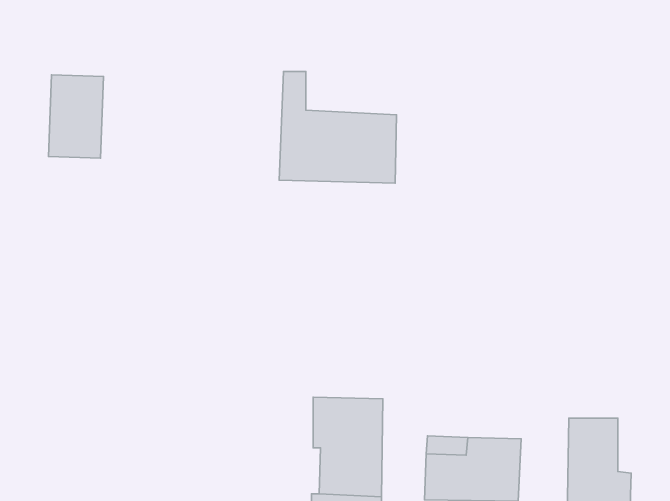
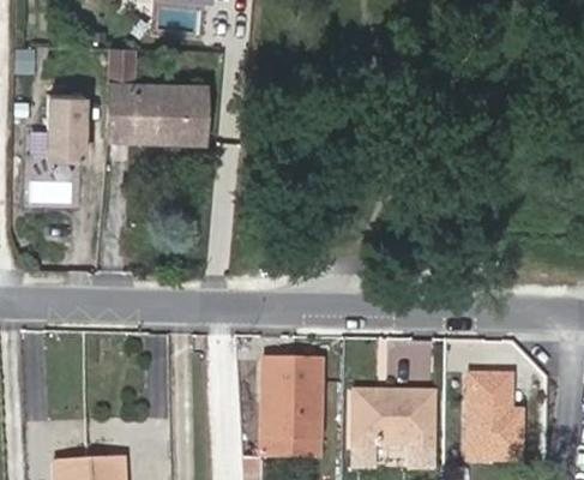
building: [279,72,397,183] -> [112,53,206,143]

